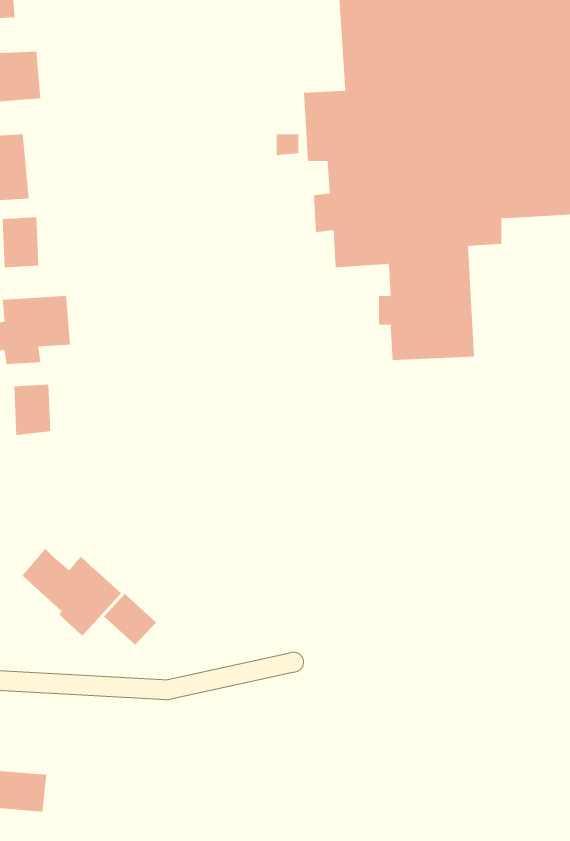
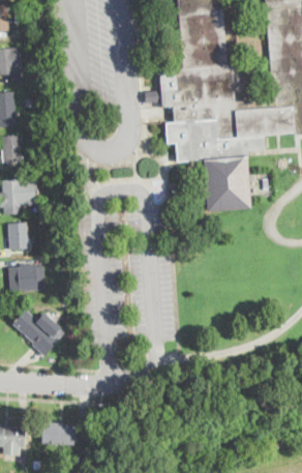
building: none -> [8,262,46,291]
building: [103,593,157,646] -> none
building: none -> [41,423,74,446]

